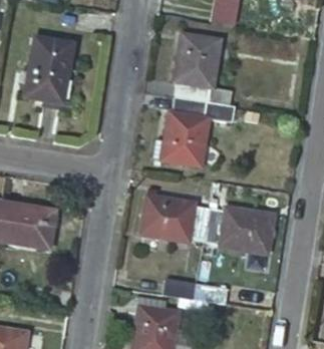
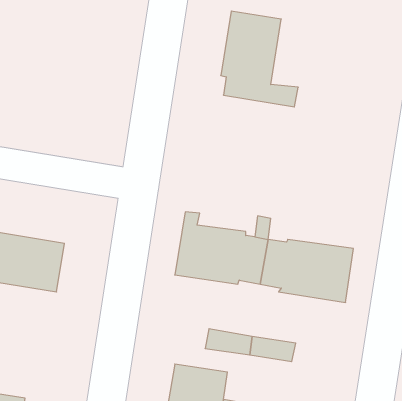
building: [23,37,79,111] -> none
building: [152,98,235,166] -> none

